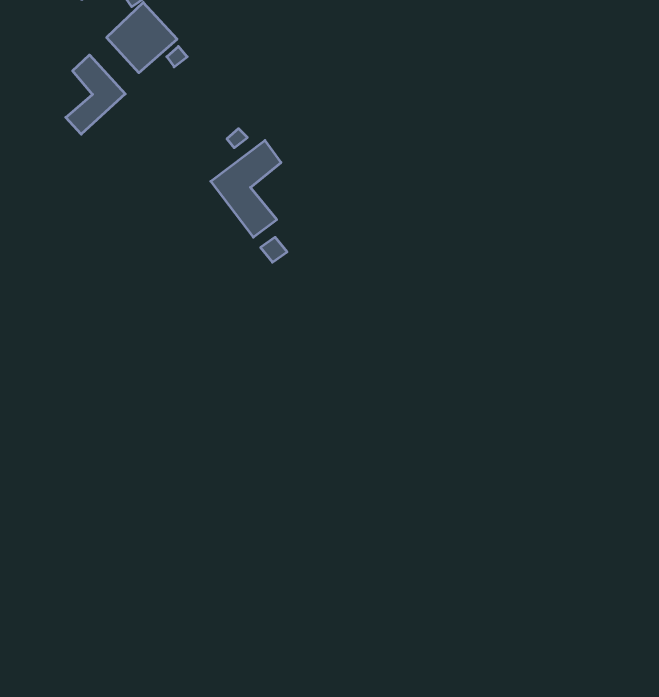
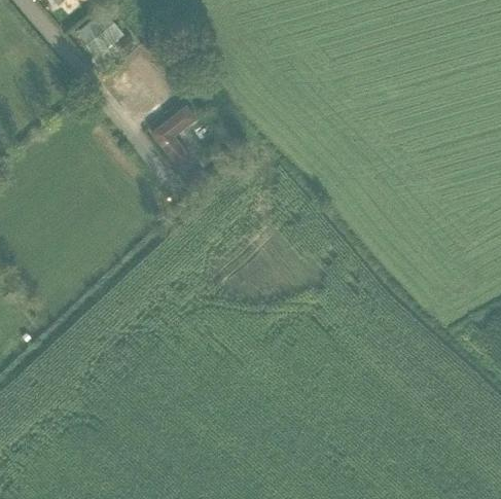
building: [66,55,125,134] -> none

